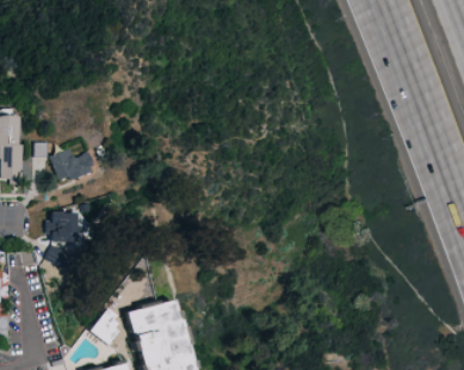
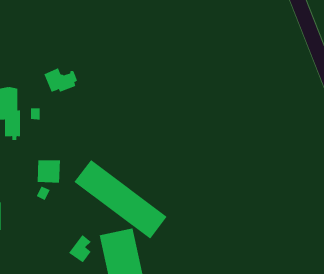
building: [56,150,100,183] -> [44,68,78,93]
building: none -> [74,159,168,240]

